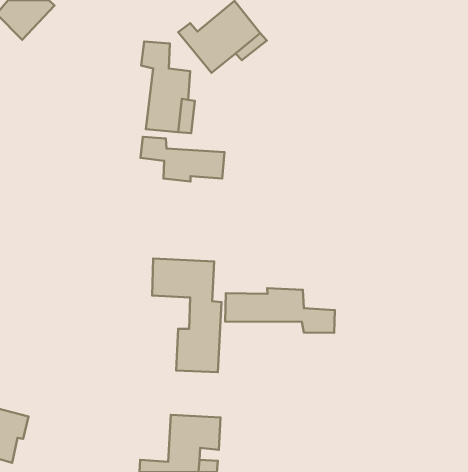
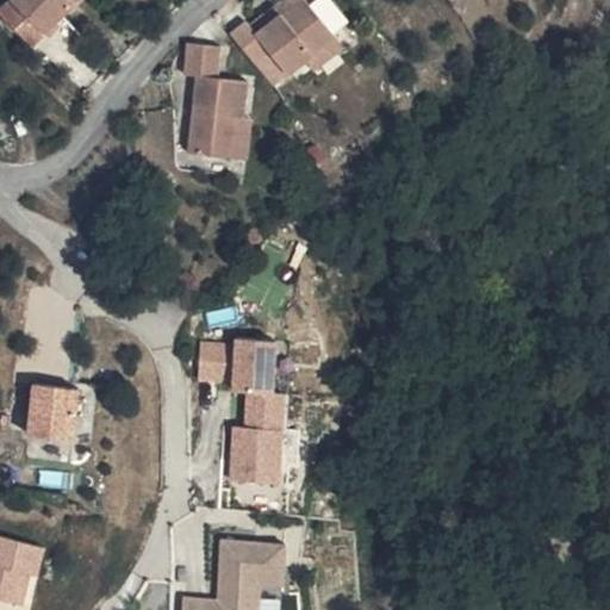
building: [141,137,225,181] -> none
building: [225,288,335,333] -> none
building: none -> [19,379,83,431]

